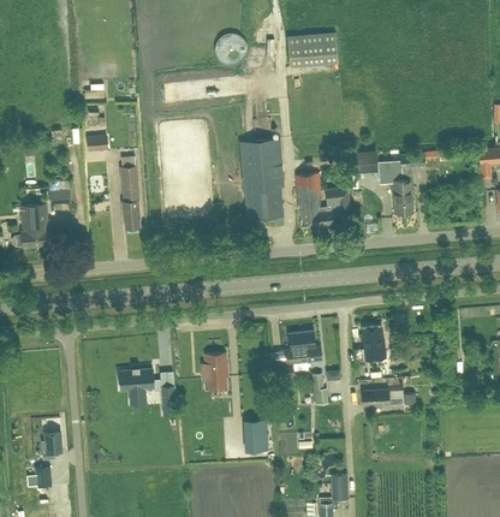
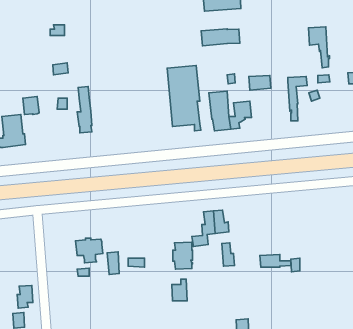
building: none -> [201,29,240,46]
building: [376,159,404,213] -> [309,27,329,68]
building: [353,323,385,361] -> none
building: [201,352,227,388] -> [173,242,193,269]

